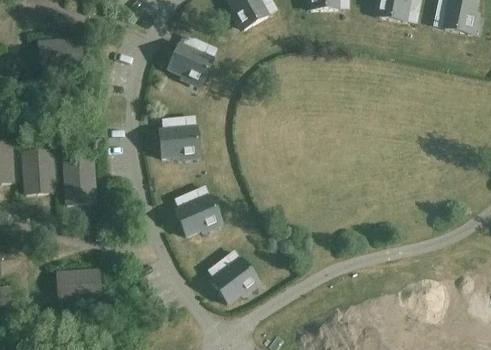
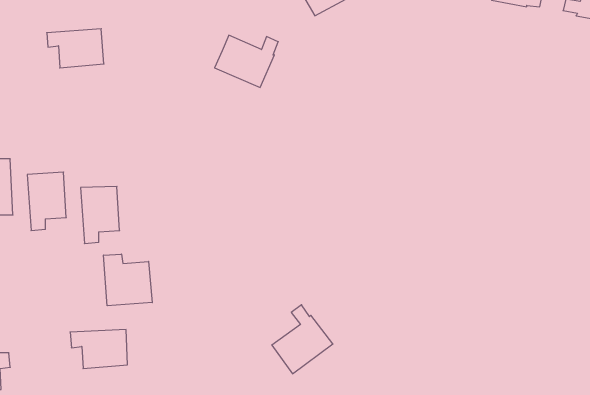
building: [159,116,199,157] -> none
building: [175,186,221,235] -> none
building: none -> [104,254,152,306]

